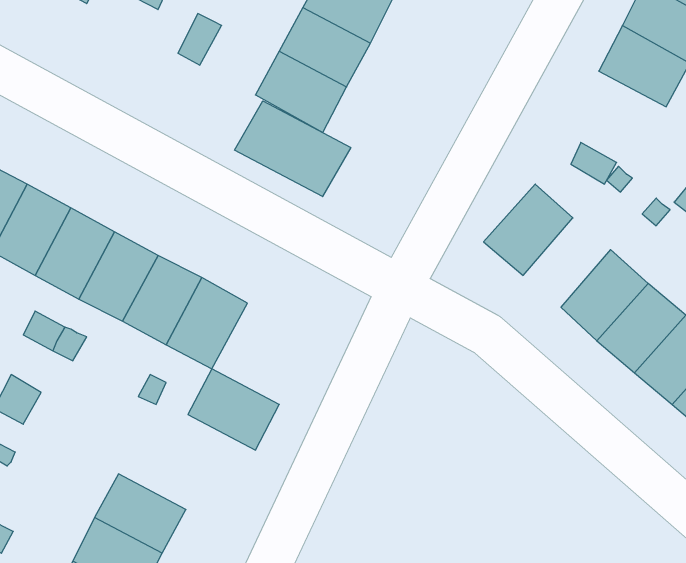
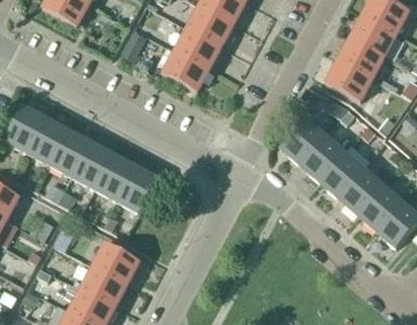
building: none -> [325,60,372,100]
building: [235,101,351,197] -> none
building: none -> [299,135,344,180]
building: [188,369,279,450] -> [92,242,139,283]

